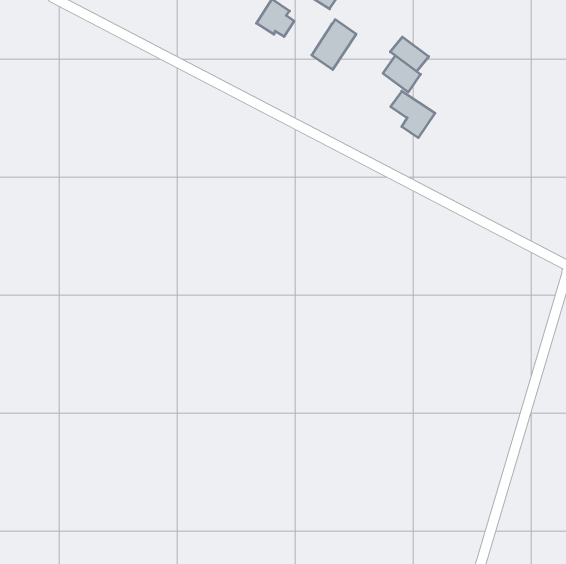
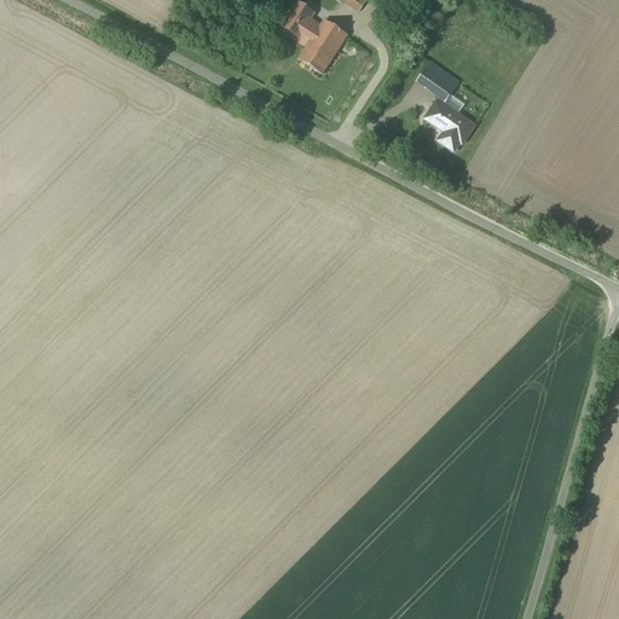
building: [312,20,356,70] -> [300,18,348,73]
building: [390,37,429,71] -> none

